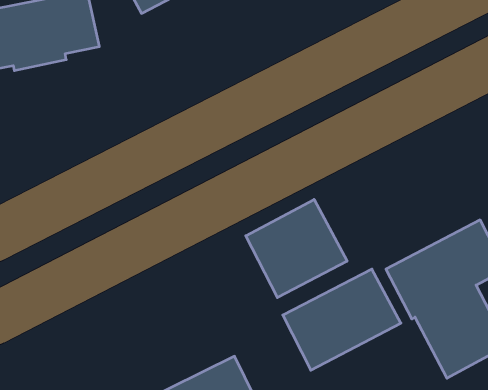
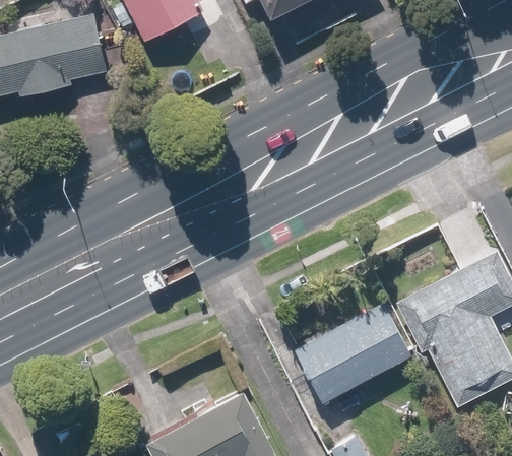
building: [246,199,347,298] -> none

